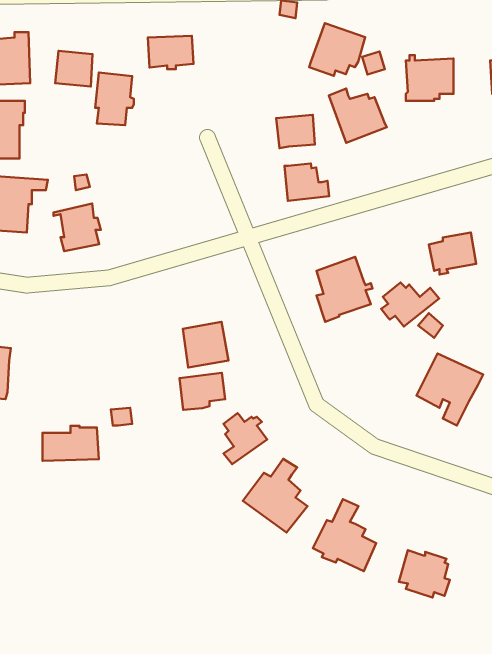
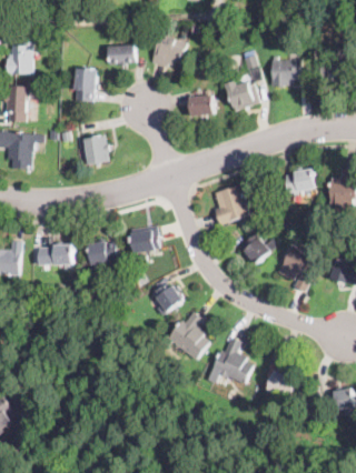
building: [309,23,365,76] -> [149,33,185,67]
building: [55,51,93,86] -> none
building: [284,164,329,201] -> none
building: [53,204,101,251] -> [79,135,109,165]
building: [381,283,439,327] -> [240,235,277,263]
building: [180,373,225,410] -> [88,241,117,264]
building: [43,426,99,461] -> [37,243,72,265]

